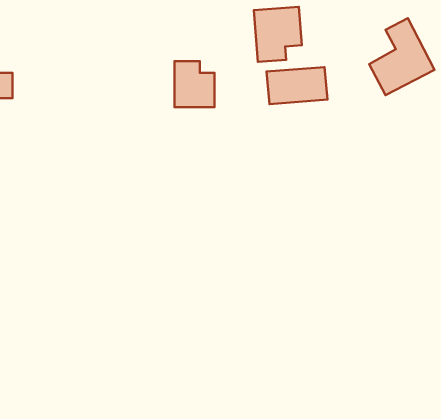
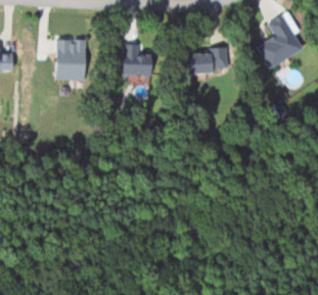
building: [254,7,302,62] -> none
building: none -> [56,39,86,81]

